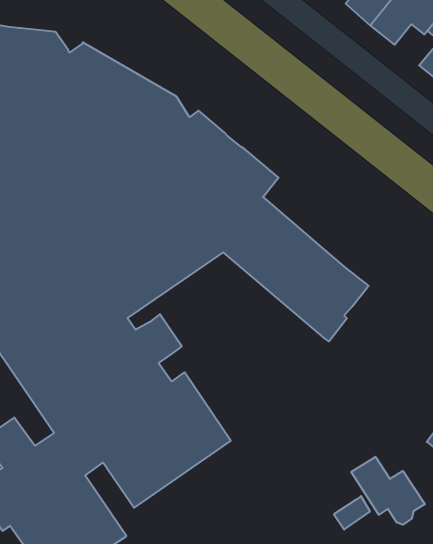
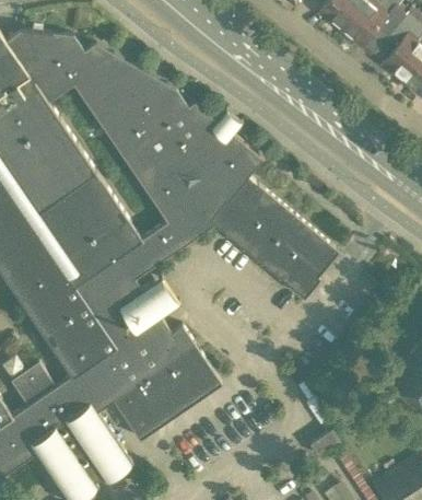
building: [351,457,425,525] -> none

